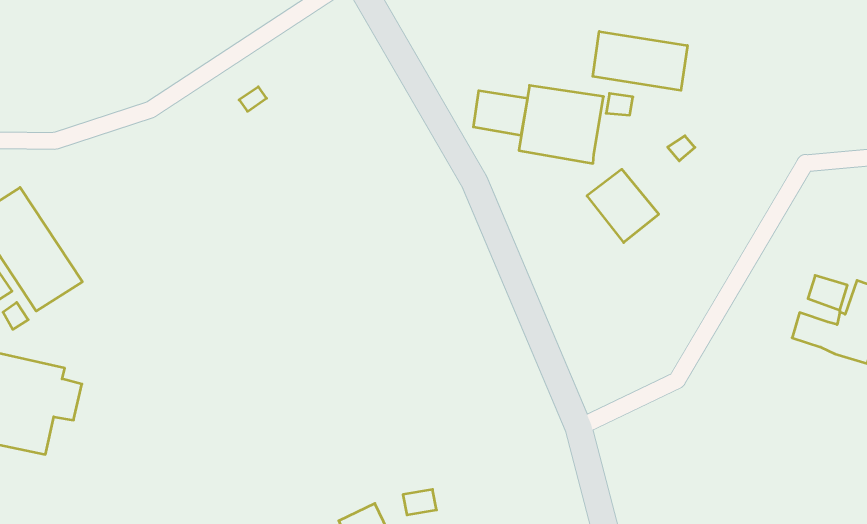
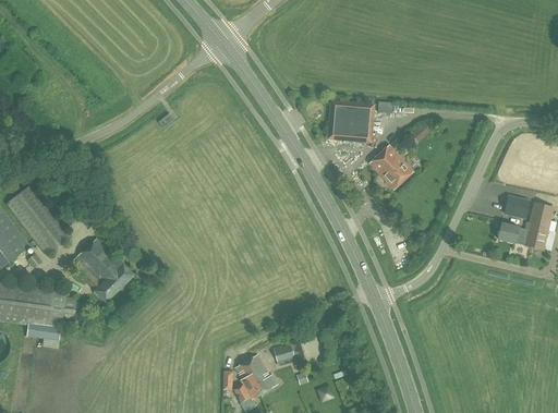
building: [593,31,687,90] -> none
building: [473,91,527,136] -> none
building: none -> [69,238,133,302]

